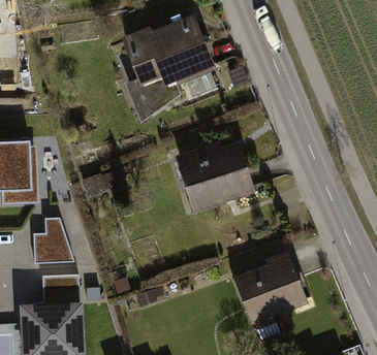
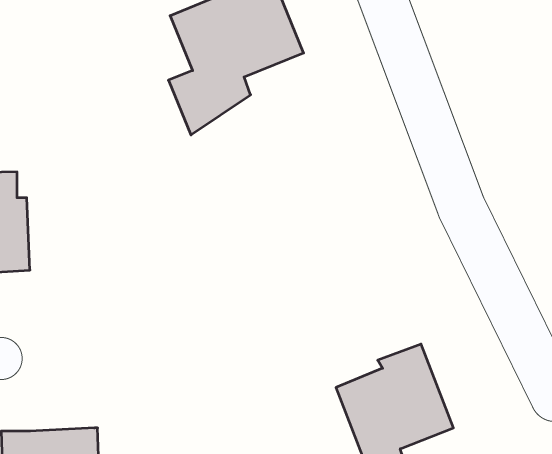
building: [180,140,252,207] -> none
building: [33,218,73,262] -> none
building: [33,273,78,306] -> none

